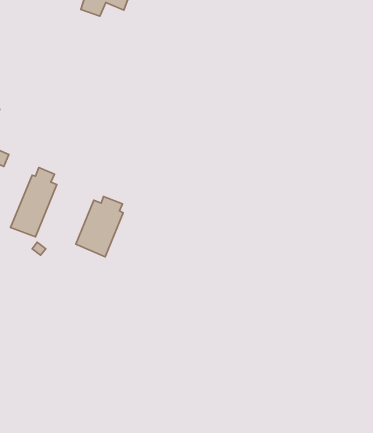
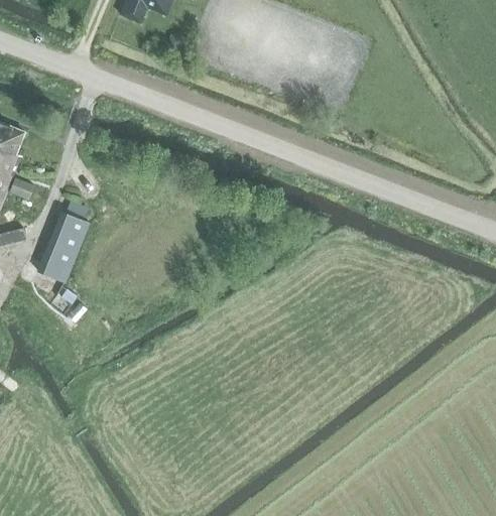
building: [76,196,123,257] -> none

